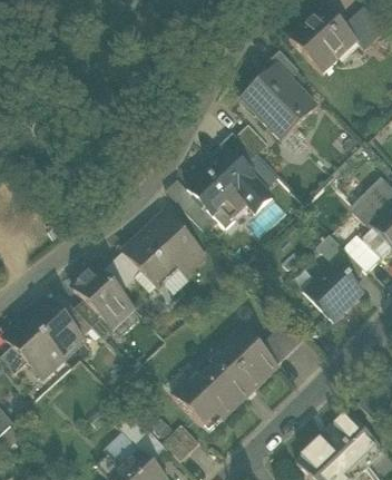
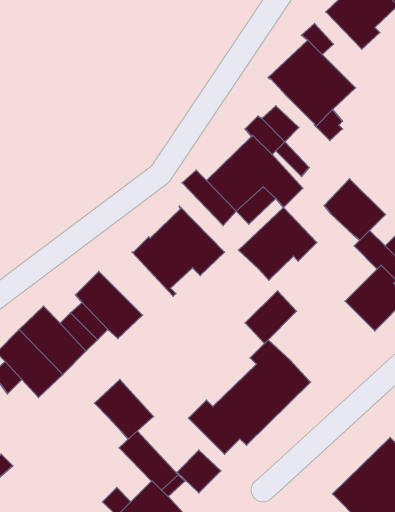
building: none -> [324,179,385,240]
building: none -> [239,207,317,280]
building: [105,249,143,288] -> none
building: [261,316,305,362] -> [245,291,297,343]
building: none -> [94,379,153,439]

